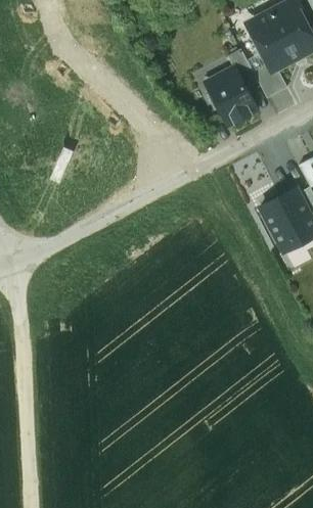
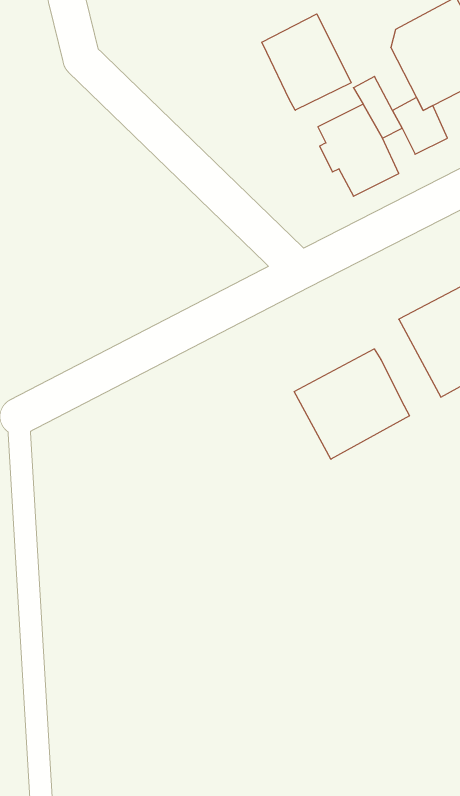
building: none -> [262,14,351,110]
building: none -> [294,349,409,459]

